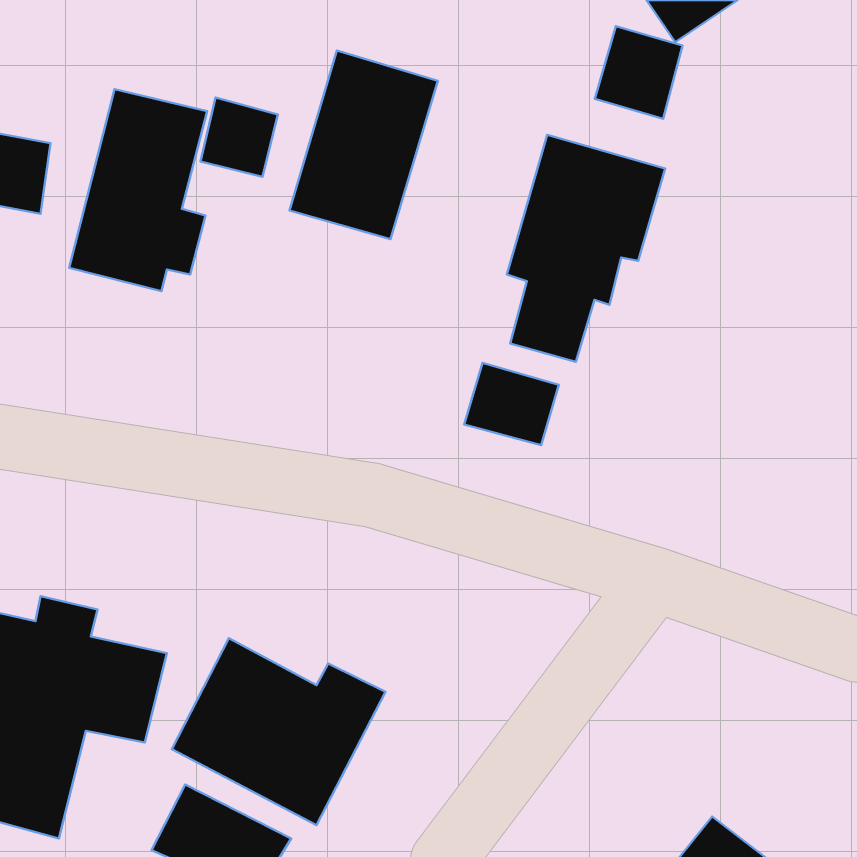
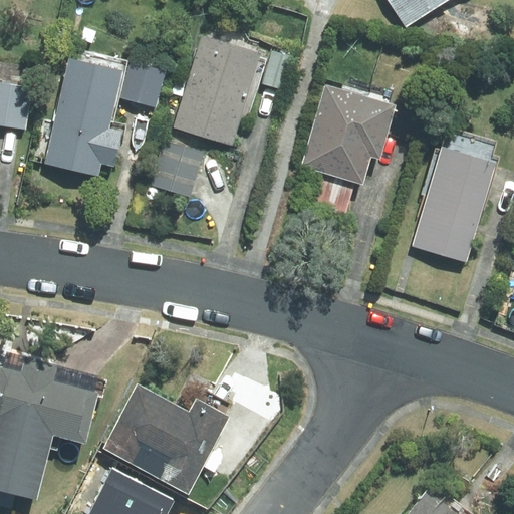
building: [595,26,683,119] -> none
building: none -> [149,141,203,198]
building: none -> [412,144,496,261]
building: [464,363,559,445] -> none

